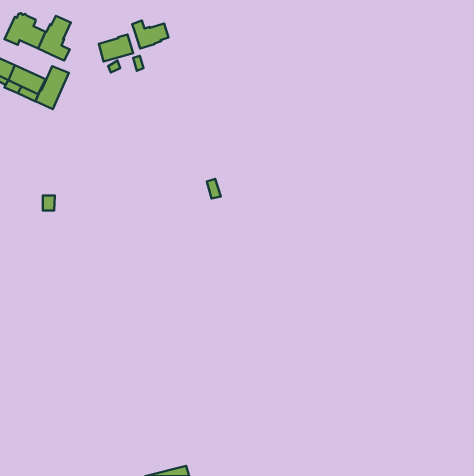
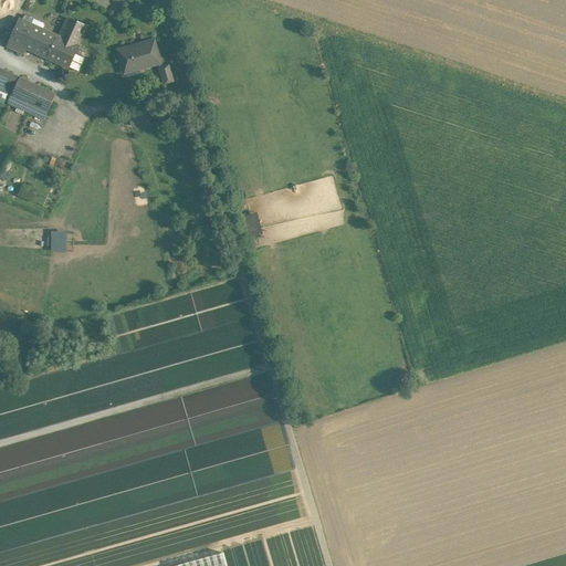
building: [132,21,168,49] -> none
building: [35,66,69,109] -> none

